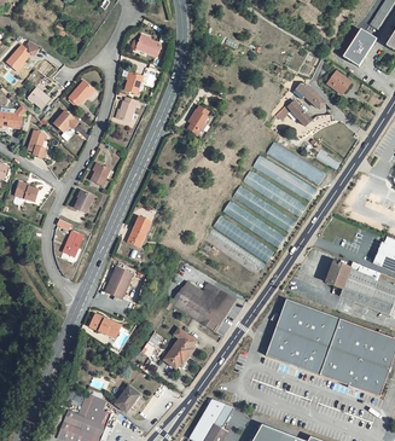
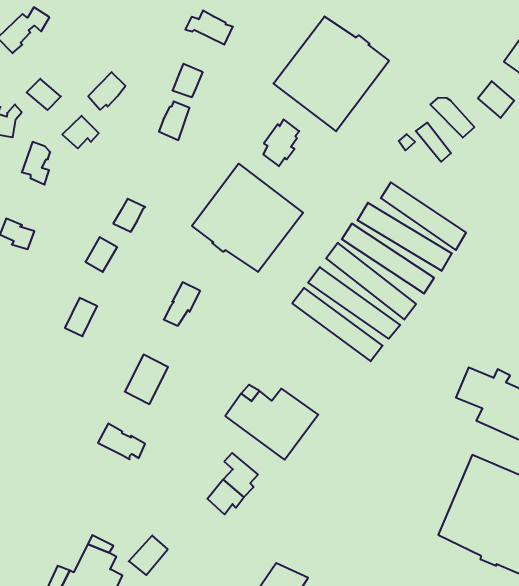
building: none -> [273,16,389,131]
building: none -> [192,164,303,272]
building: [265,301,338,373] -> none

